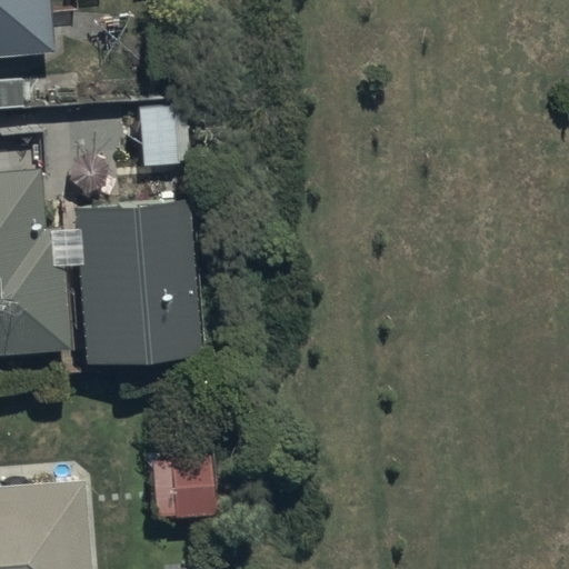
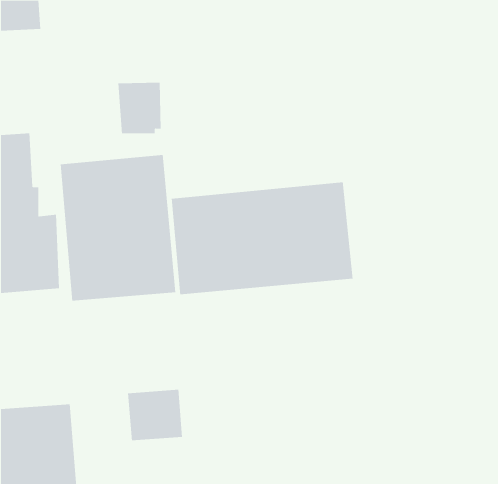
building: none -> [171,182,353,295]

